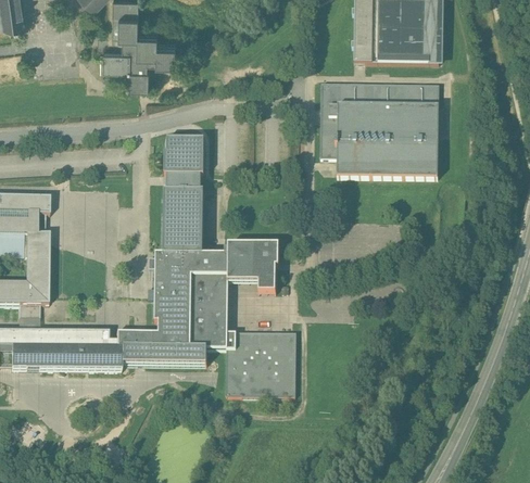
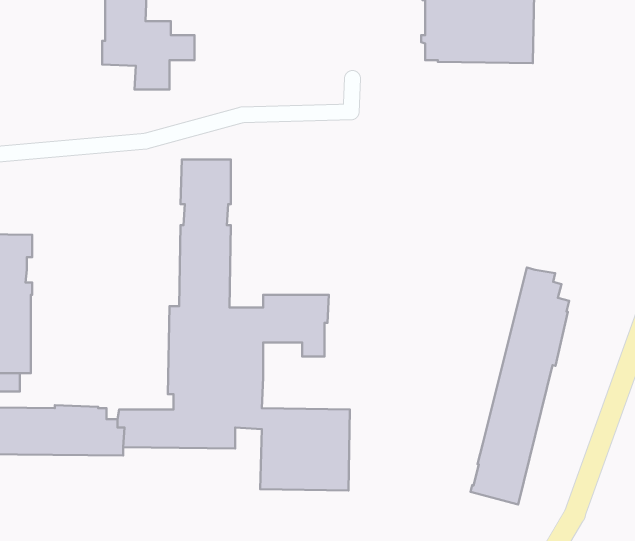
building: [320,82,438,177] -> none
building: none -> [470,268,569,504]

